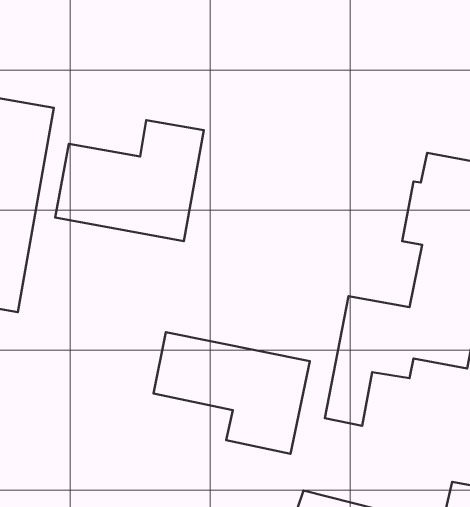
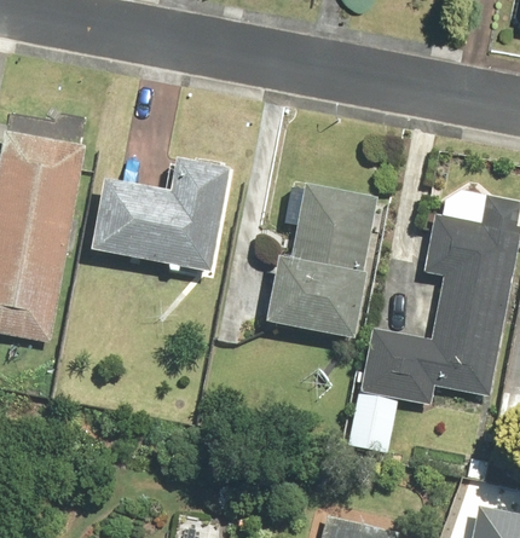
building: none -> [270,179,381,340]
building: [153,332,310,454] -> none

